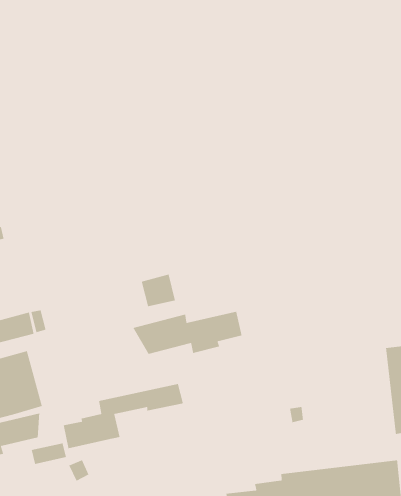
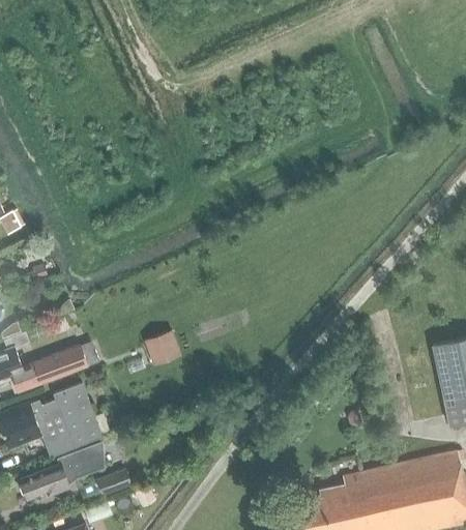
building: [141,274,176,307] -> [144,330,180,365]
building: [132,311,242,355] -> none
building: [63,383,184,449] -> none

